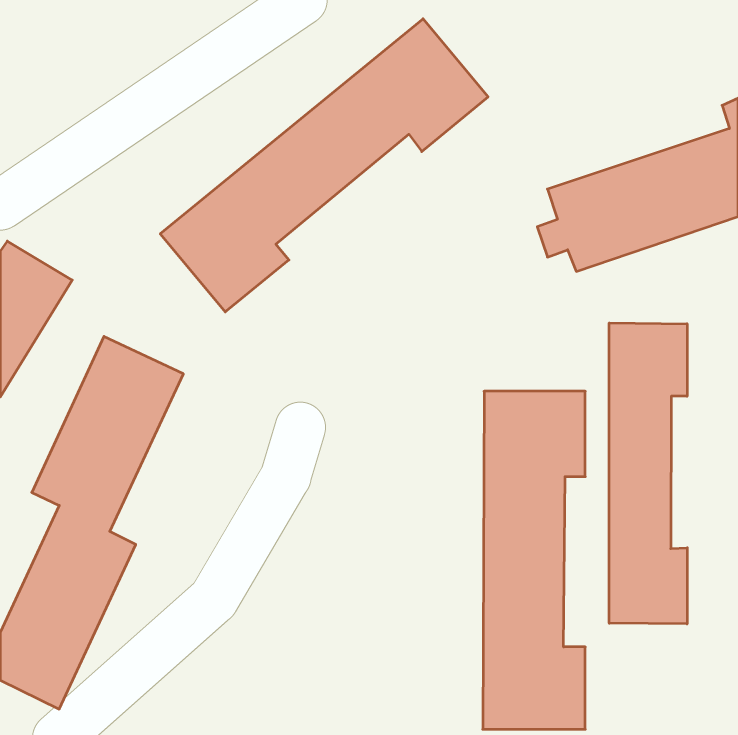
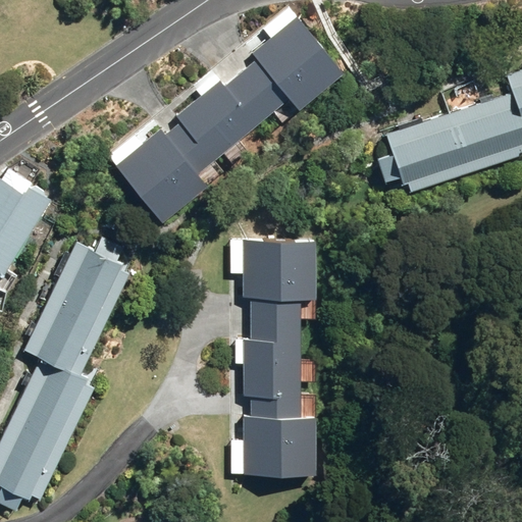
building: [609,323,687,624] -> none
building: [483,391,585,729] -> [244,237,316,475]

